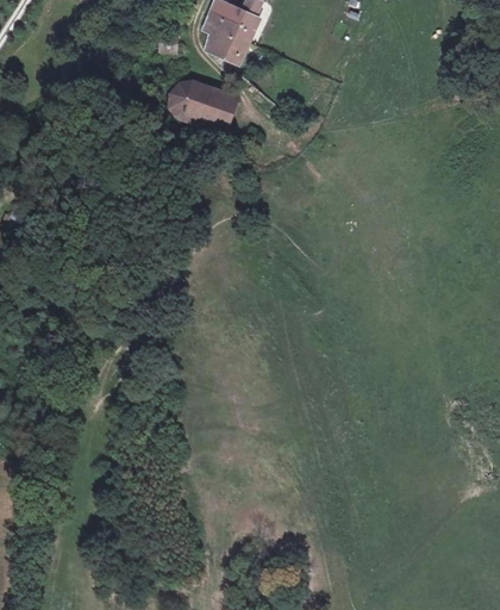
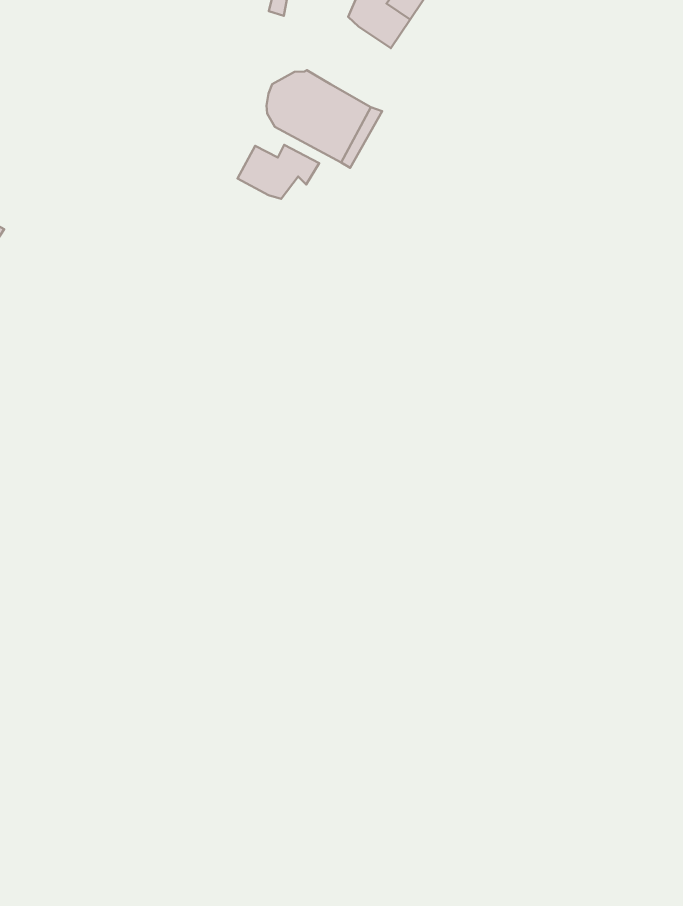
building: none -> [237,145,319,199]

